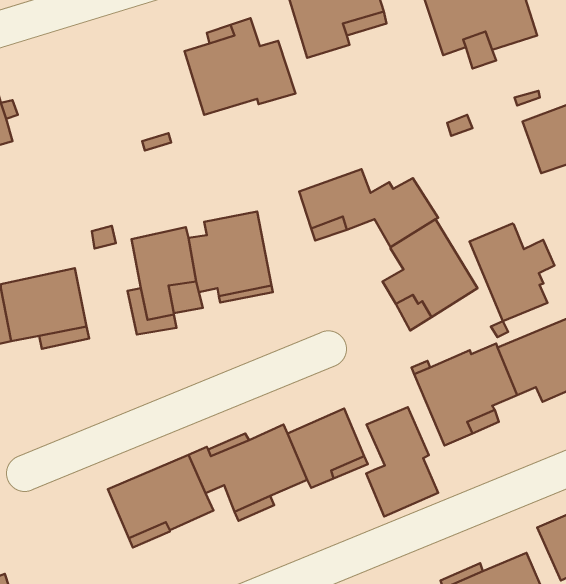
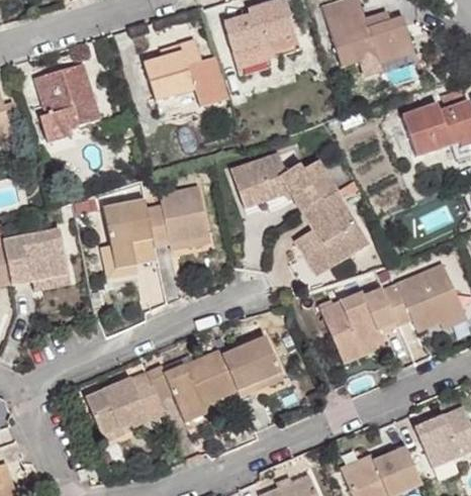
building: none -> [35,63,98,140]
building: [469,224,554,321] -> none
building: [366,407,438,516] -> none

